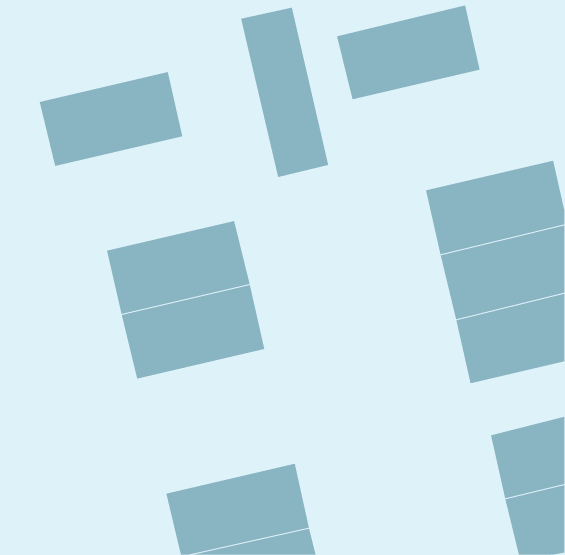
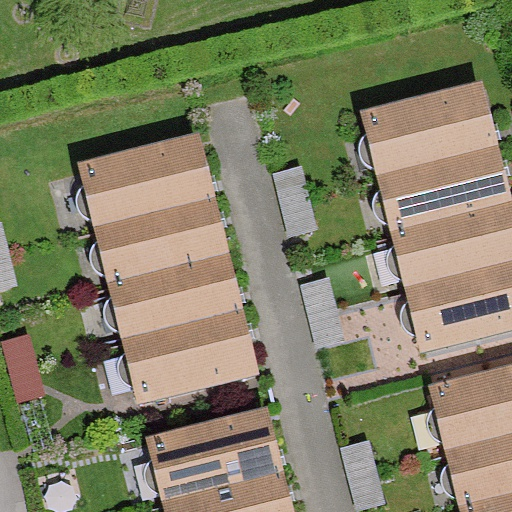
building: [336,5,480,100] -> [366,85,495,170]
building: [241,7,329,178] -> none
building: [39,72,183,167] -> [81,139,210,224]
building: none -> [122,312,251,397]

